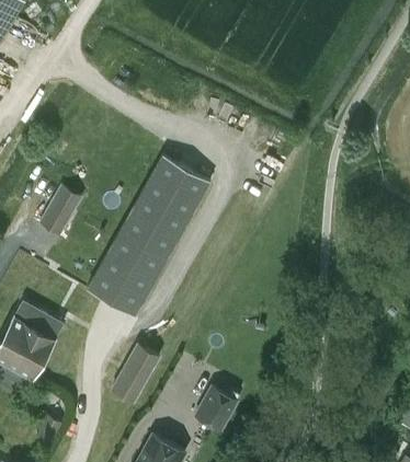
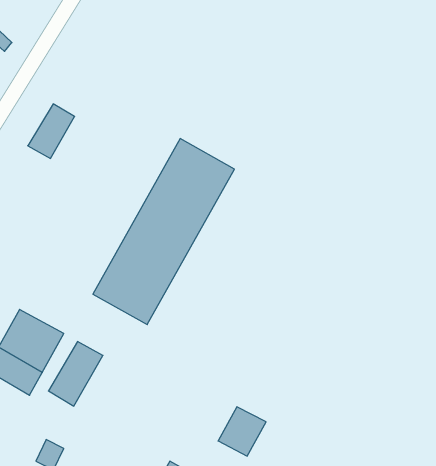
building: [39,189,80,236] -> [28,104,75,158]
building: [112,347,159,403] -> [48,342,103,406]

